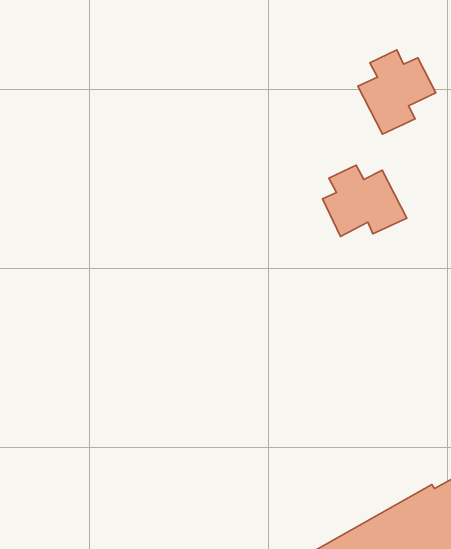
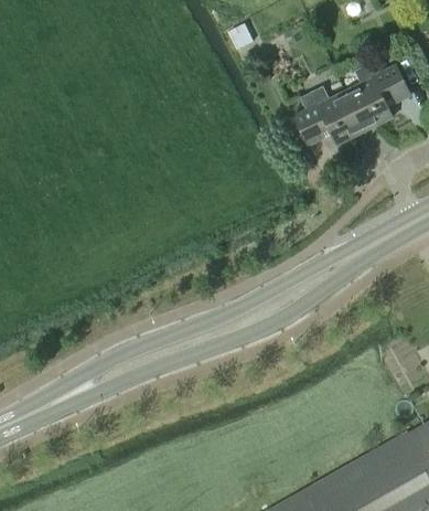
building: [322,165,407,236] -> [294,87,366,148]

